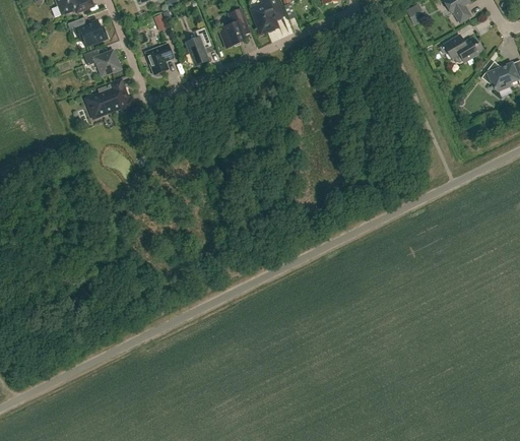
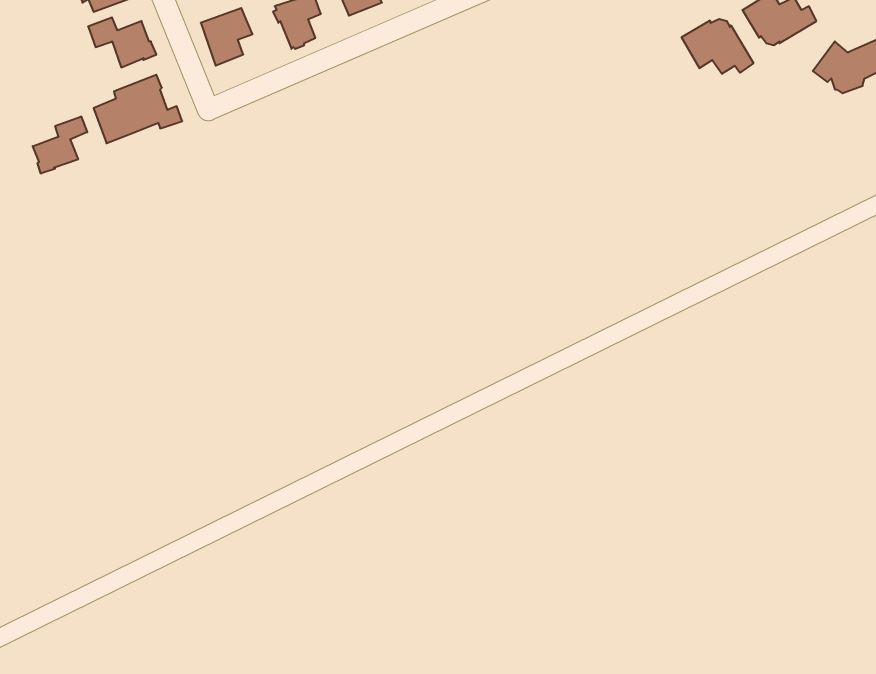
building: none -> [682,19,753,74]
building: none -> [33,116,87,174]

